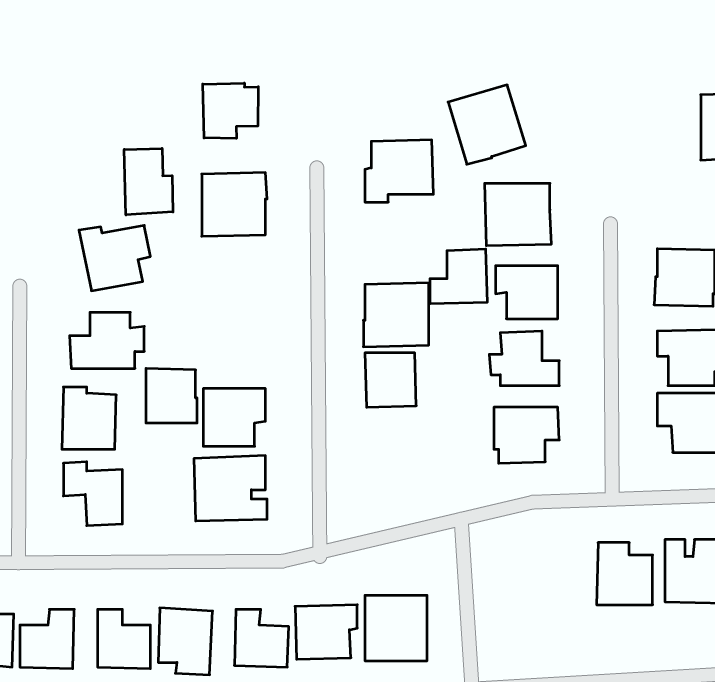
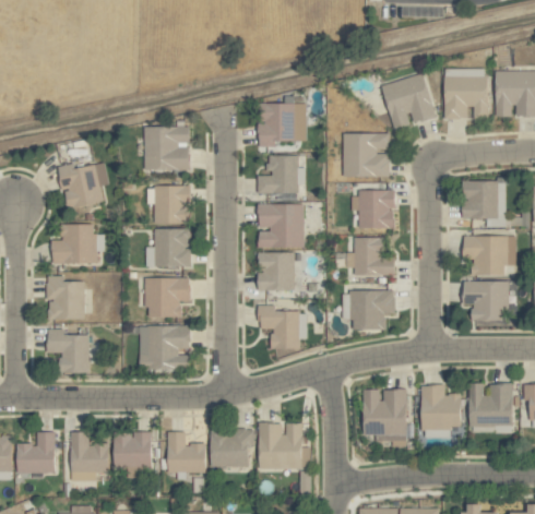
building: [203,83,258,138] -> none
building: [448,85,526,164] -> [381,73,436,129]
building: none -> [444,69,487,119]
building: [124,148,173,215] -> none
building: [430,249,487,304] -> [258,155,298,193]
building: none -> [153,186,190,224]
building: [146,368,197,423] -> [154,228,190,266]
building: none -> [259,306,306,349]
building: none -> [364,390,406,441]

